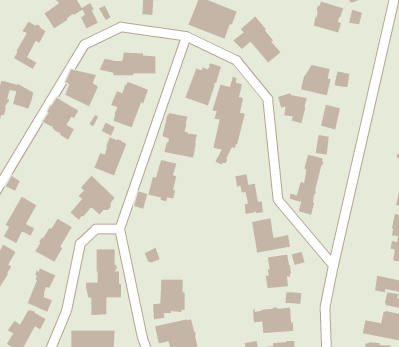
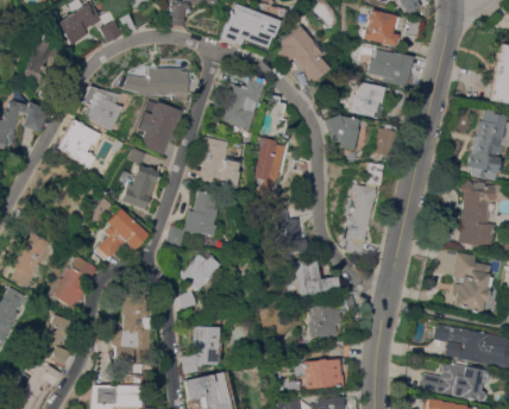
building: none -> [370,50,414,86]
building: none -> [171,253,214,290]

